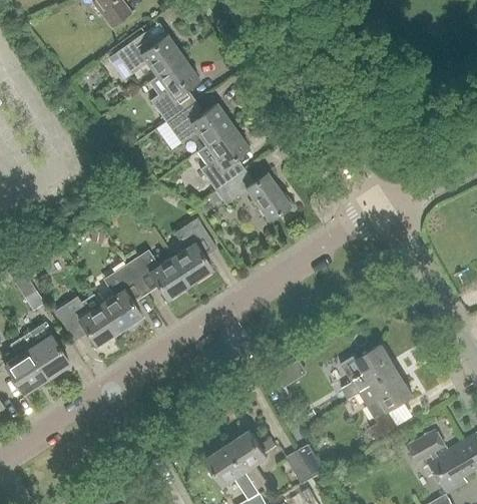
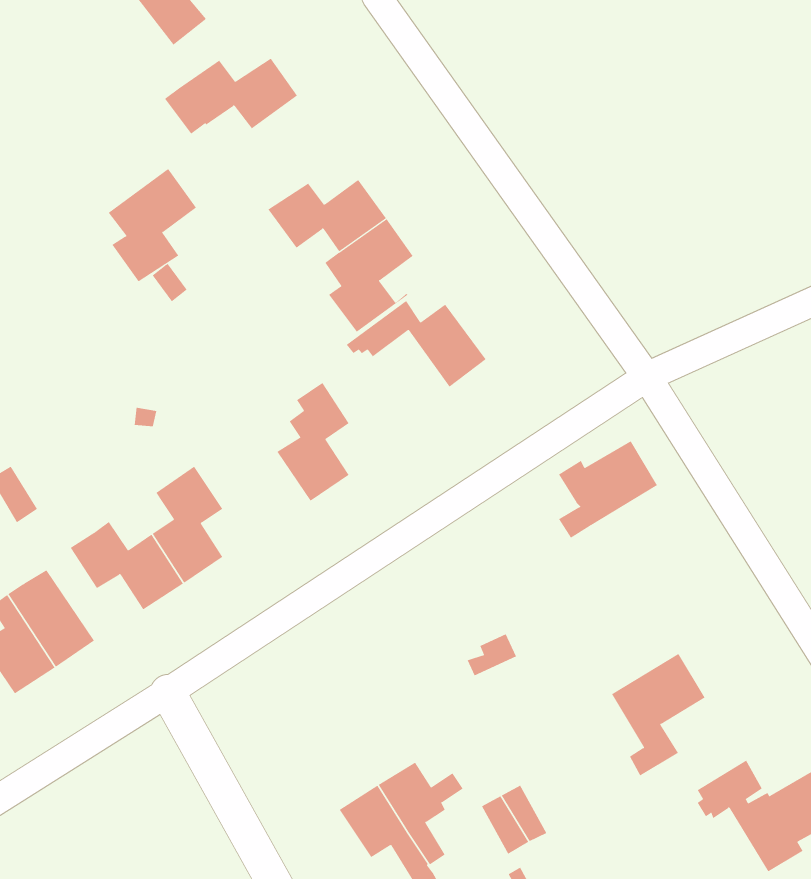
building: [149,56,199,120] -> [108,168,197,282]
building: [125,250,190,300] -> none
building: [342,345,398,400] -> [558,441,658,539]

